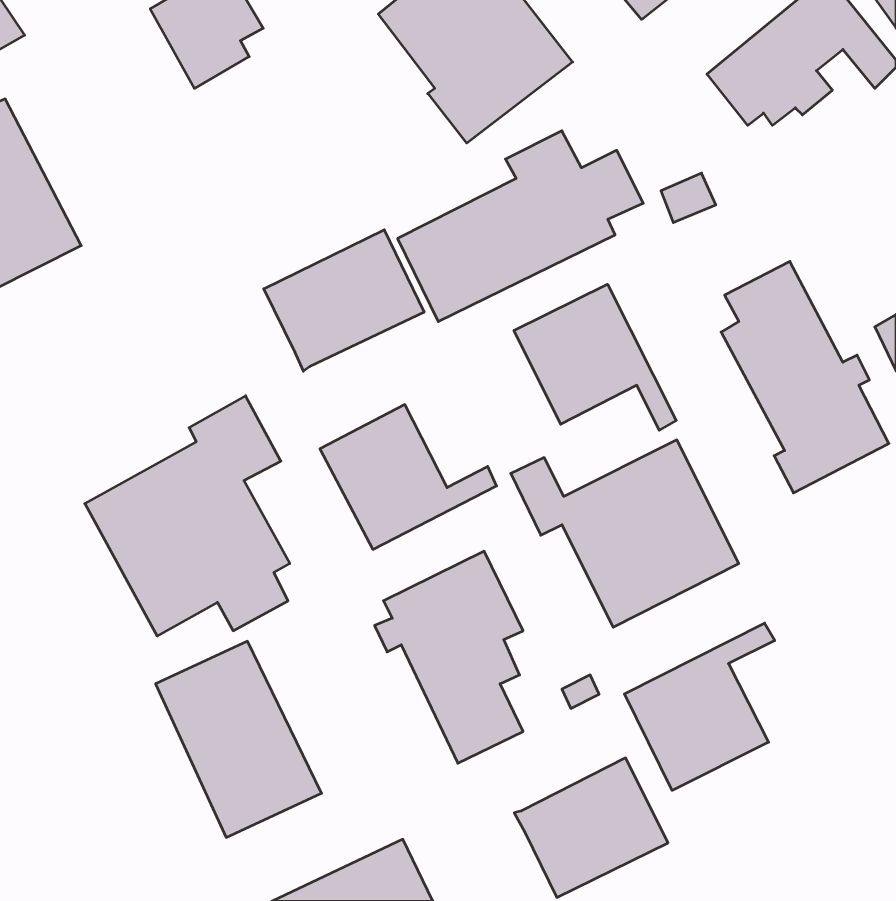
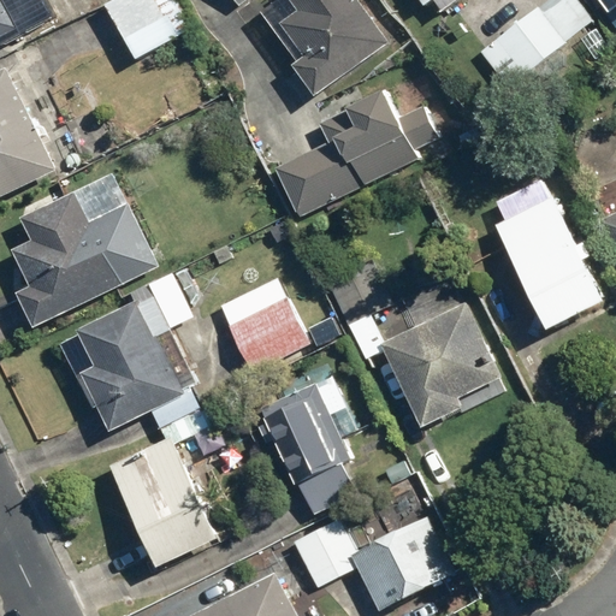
building: [264,230,424,371] -> none
building: none -> [7,168,155,330]
building: [514,284,676,430] -> none
building: [624,623,775,790] -> none
building: none -> [291,517,357,587]

